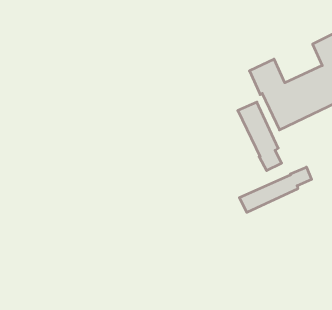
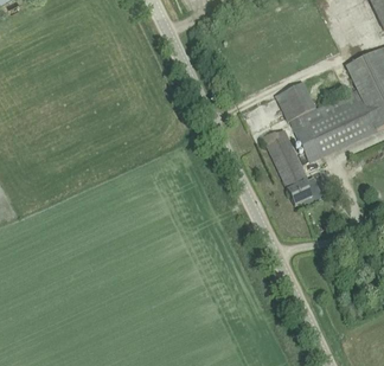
building: [239,167,312,212] -> none

